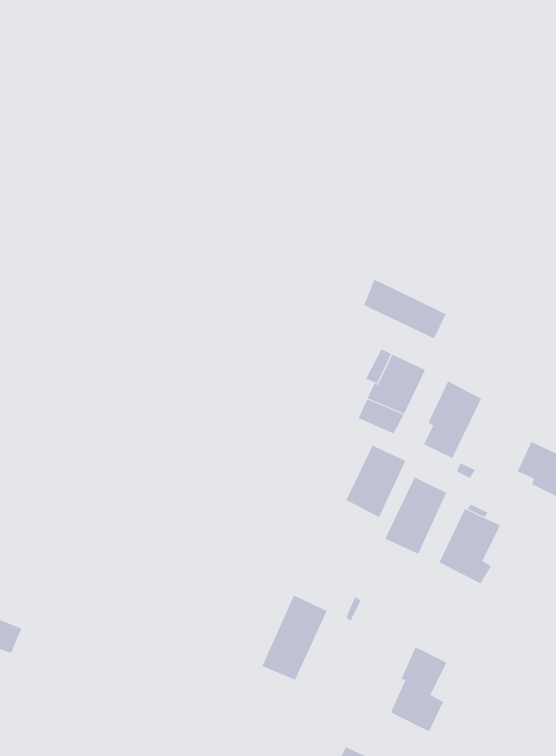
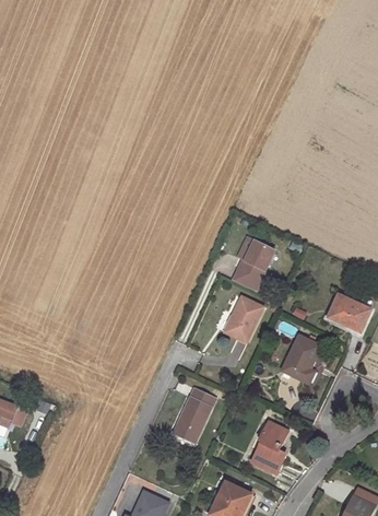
building: [364,279,447,339] -> none
building: [423,381,482,459] -> none
building: [385,476,447,554] -> none

